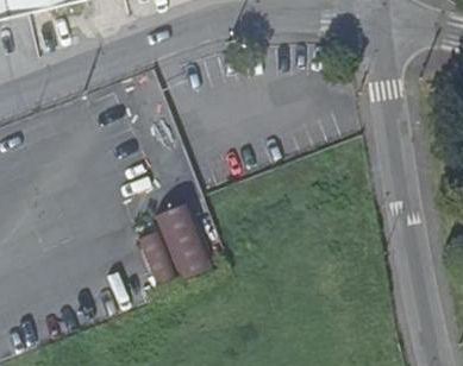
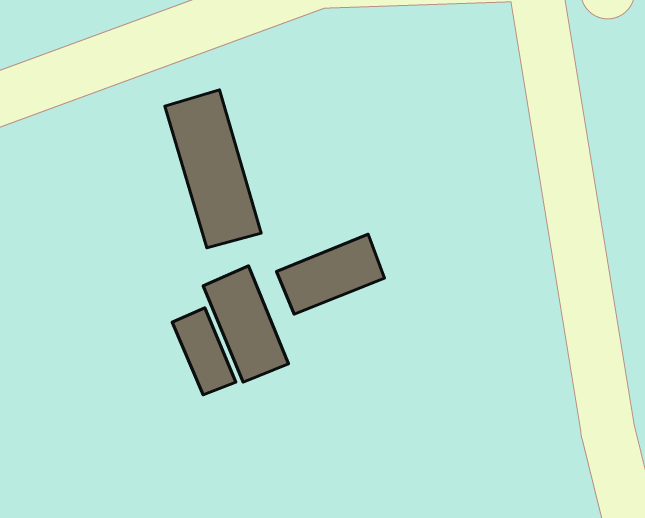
building: none -> [276,234,385,314]

